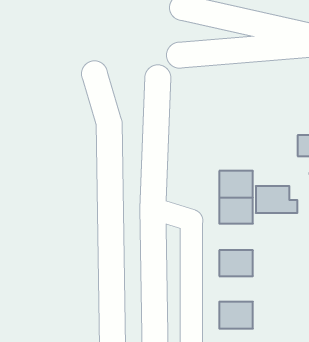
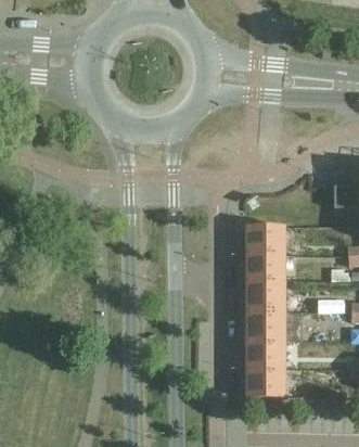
building: [256,186,297,213] -> [247,282,293,311]
building: none -> [247,340,284,368]

